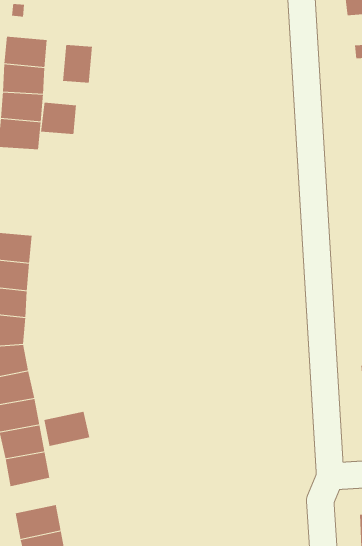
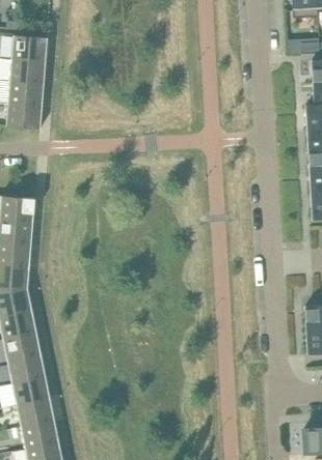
building: [62,44,93,83] -> none
building: [40,102,77,135] -> none
building: [44,411,90,446] -> [16,398,54,427]

